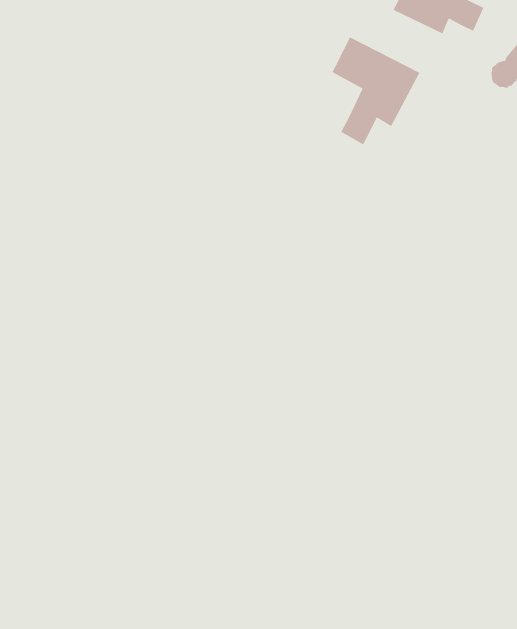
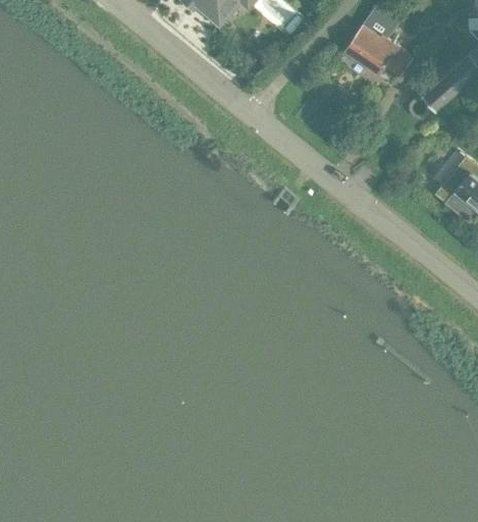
building: [332,36,421,146] -> none

